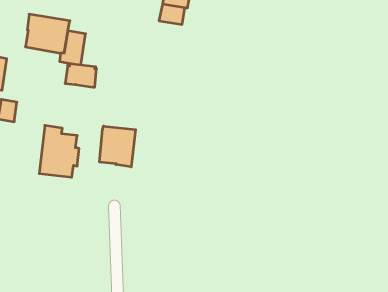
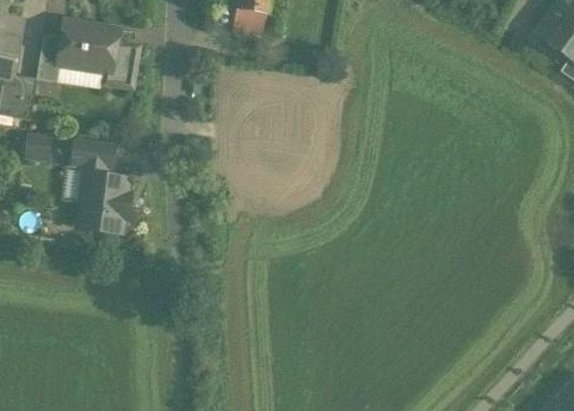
building: none -> [36,38,63,82]
building: [65,64,97,87] -> [72,139,112,168]
building: [100,126,136,167] -> none

